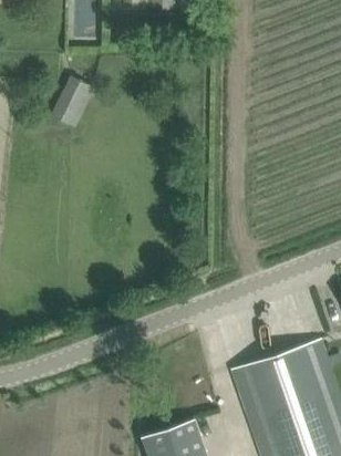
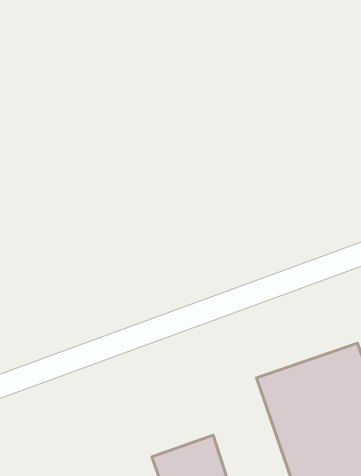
building: [51,76,94,127] -> none

